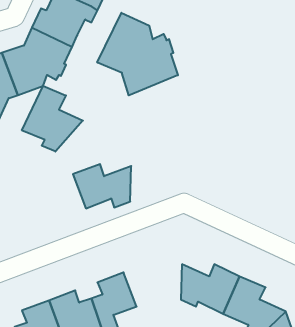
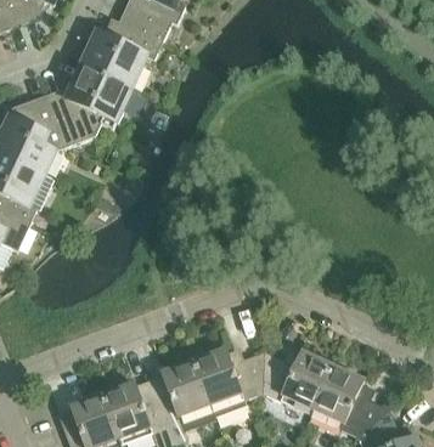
building: [97,13,178,95] -> none
building: [22,86,83,152] -> none
building: [73,164,131,208] -> [192,347,263,401]

